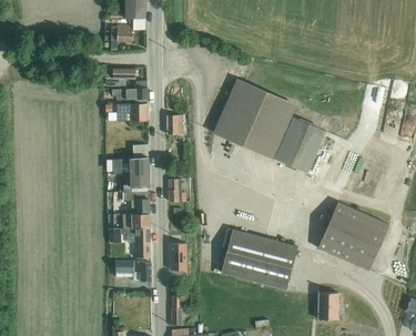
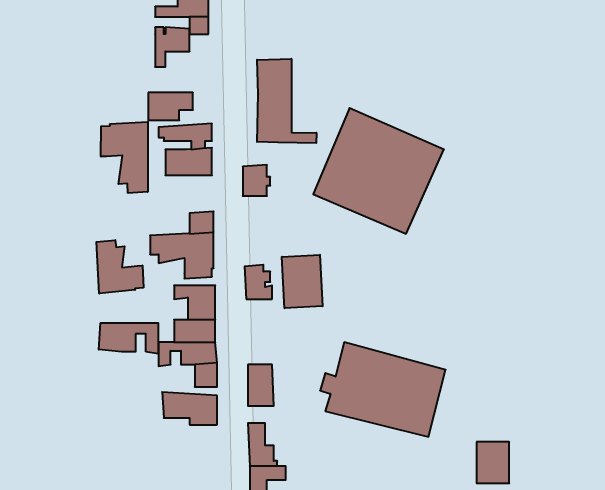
building: none -> [257,59,316,143]
building: none -> [101,122,148,193]
building: [274,116,325,173] -> none
building: none -> [96,240,143,294]
building: none -> [282,255,323,308]
building: [317,202,389,271] -> none
building: none -> [99,323,158,354]

